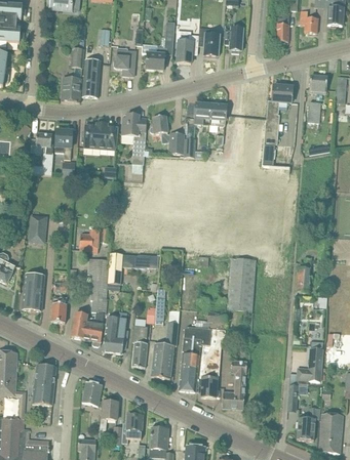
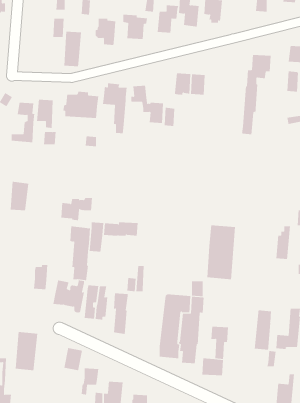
building: [62,76,81,101] -> none
building: [23,274,44,309] -> none
building: [151,321,178,378] -> none
building: none -> [254,310,271,351]

